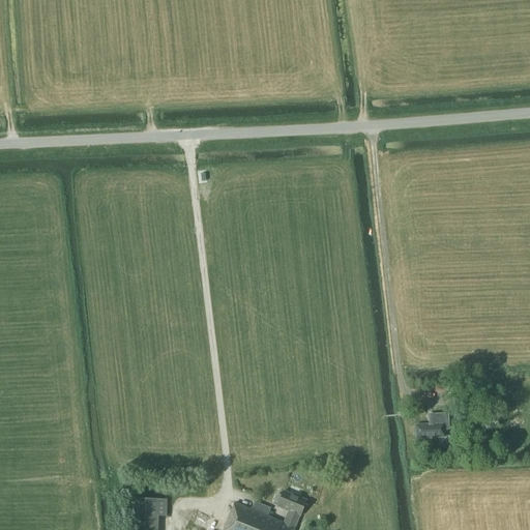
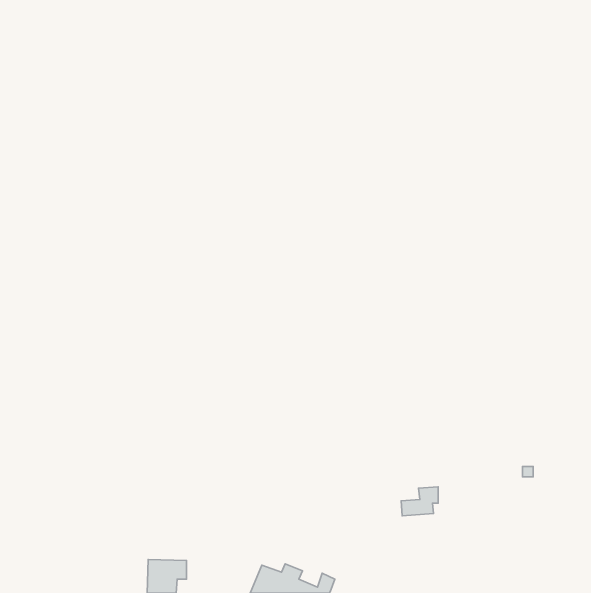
building: [416,413,449,439] -> [401,487,438,516]
building: [275,492,307,516] -> none

